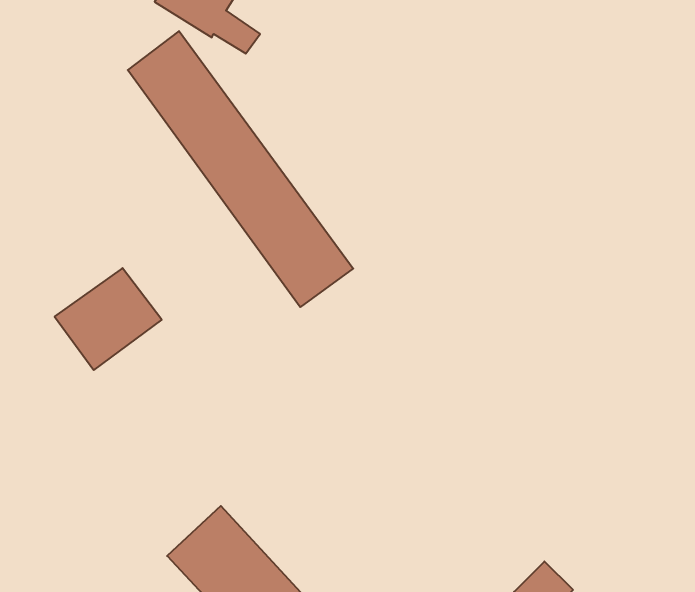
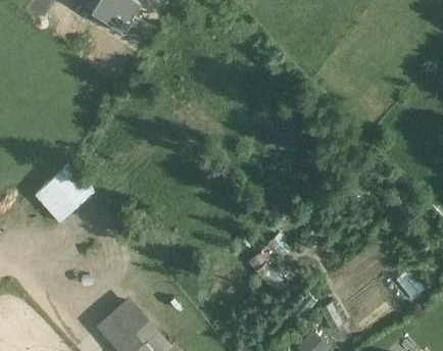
building: [128,31,353,307] -> none

